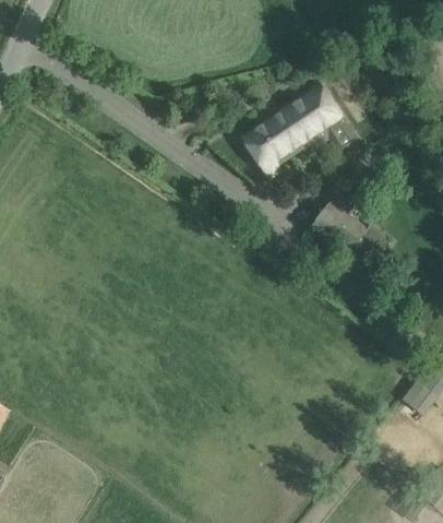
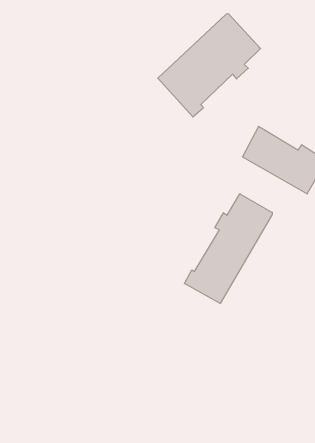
building: none -> [184,194,272,303]

